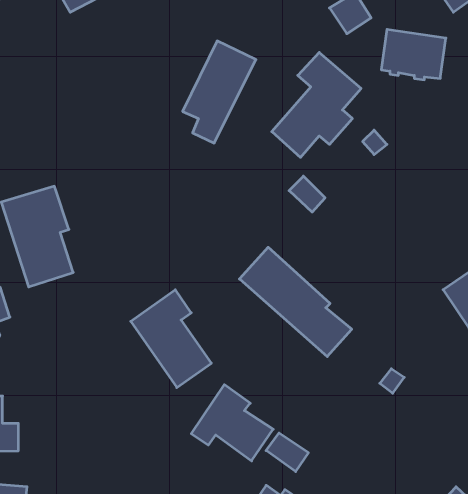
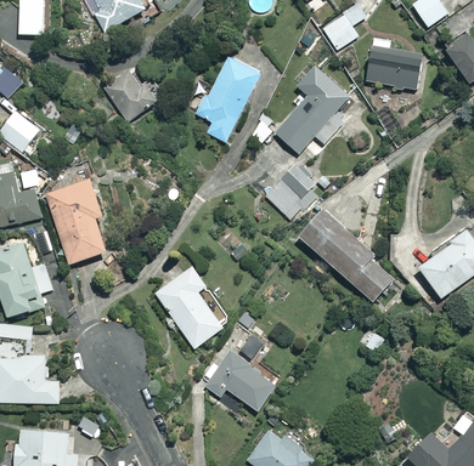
building: none -> [105,69,164,121]
building: none -> [271,182,307,217]
building: [239,247,352,357] -> [298,209,393,301]
building: [266,433,308,472] -> none

